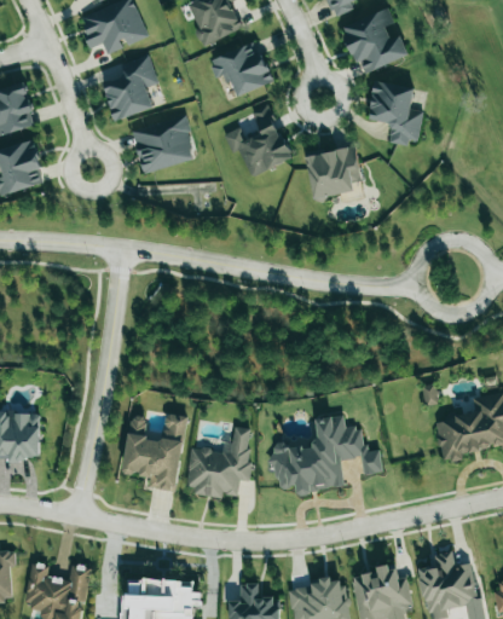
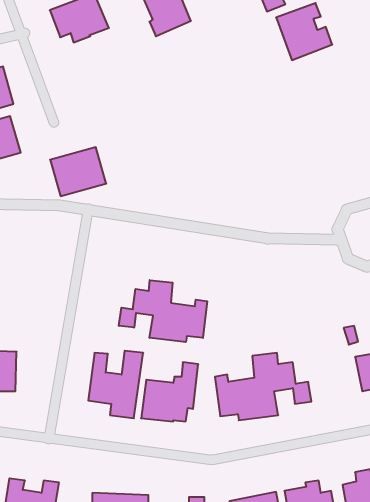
building: [209,41,272,96] -> none
building: [102,54,158,121] -> none
building: [369,80,423,145] -> none
building: [224,103,291,175] -> none
building: [131,116,196,173] -> [50,147,106,196]
building: [306,146,362,198] -> none
building: none -> [119,280,207,342]

